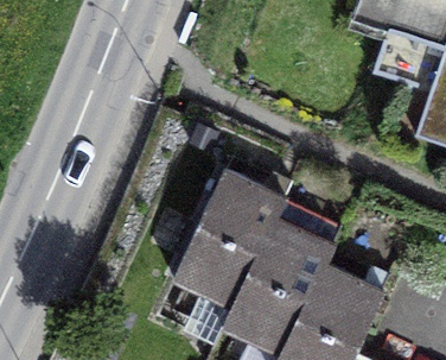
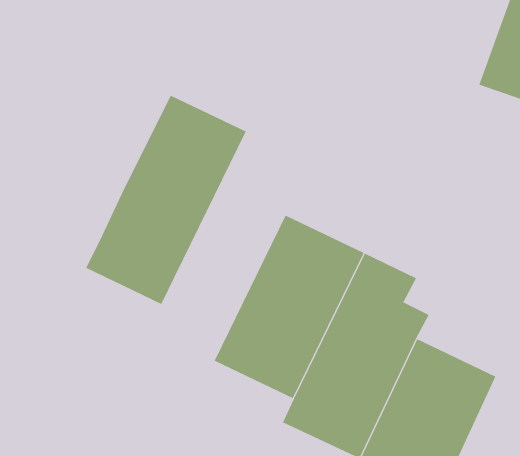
building: none -> [86,95,246,305]

